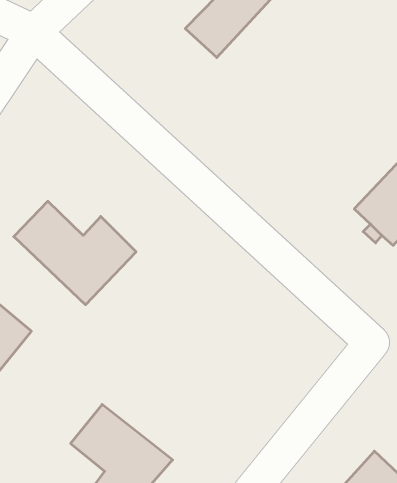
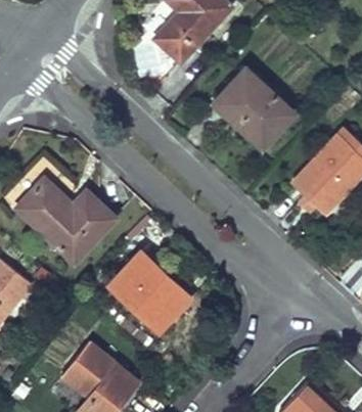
building: none -> [214,67,295,147]
building: none -> [108,250,190,332]

